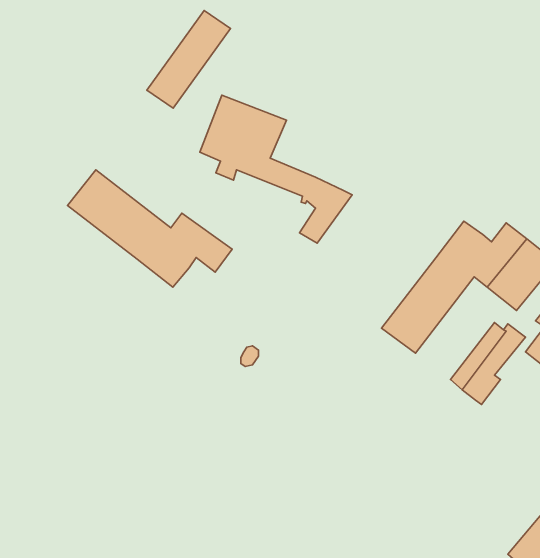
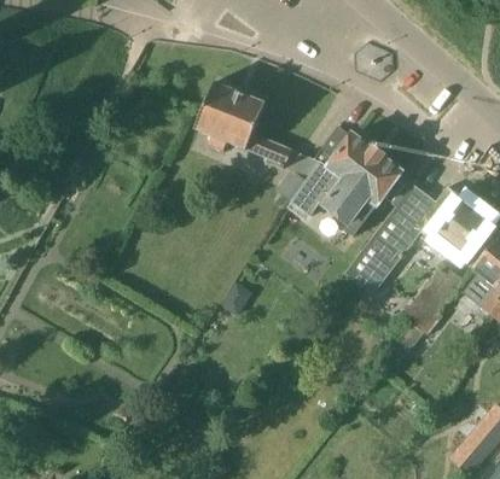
building: [147,11,230,108] -> none
building: none -> [292,125,415,236]
building: [67,170,232,287] -> none

